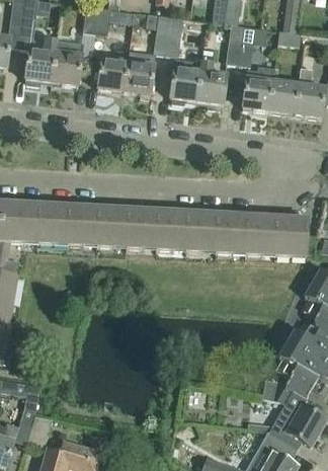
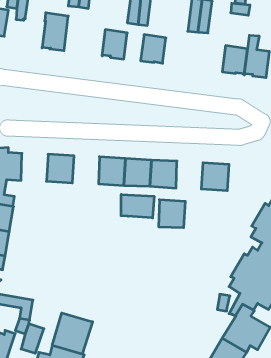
building: [25,38,56,82] -> none
building: [97,57,128,91] -> none
building: [196,62,228,108] -> none
building: [242,76,272,110] -> none
building: [26,209,59,242] -> none
building: [88,212,120,245] -> none
building: [213,218,245,251] -> [159,200,185,228]
building: [274,222,308,254] -> none
building: none -> [121,194,154,218]
building: none -> [52,313,93,354]

